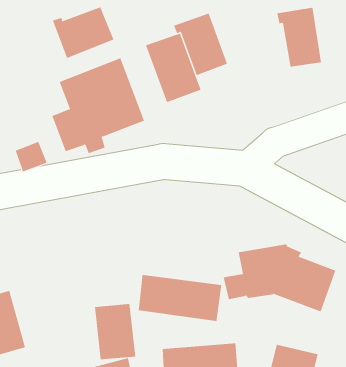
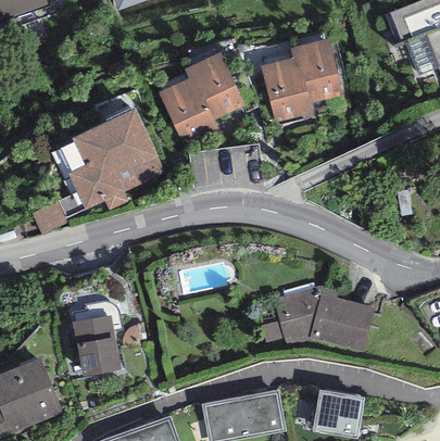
building: [52,6,114,59] -> none
building: none -> [261,56,311,121]
building: [138,274,222,322] -> none
building: [94,304,136,360] -> [72,314,120,375]

